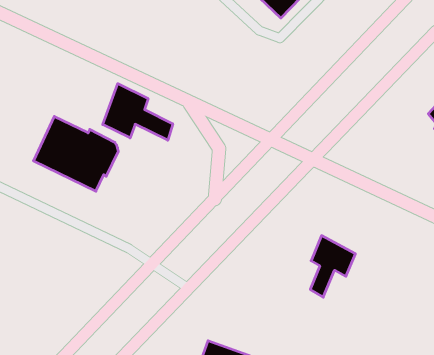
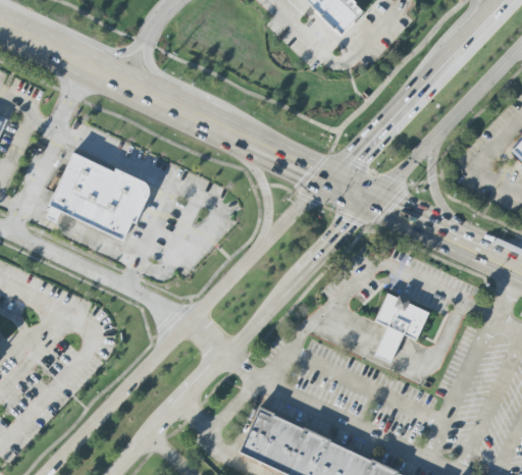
building: [103,84,173,140] -> none

